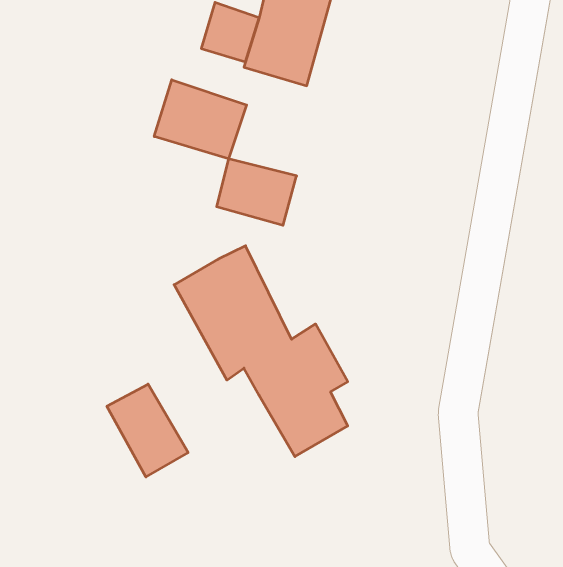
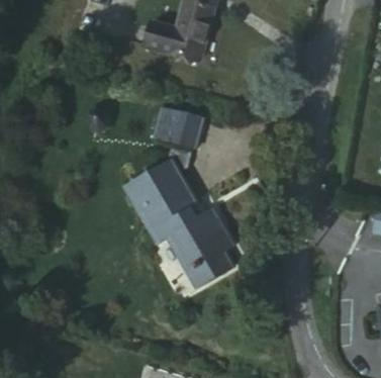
building: [154,80,247,159] -> none
building: [107,384,188,477] -> none

